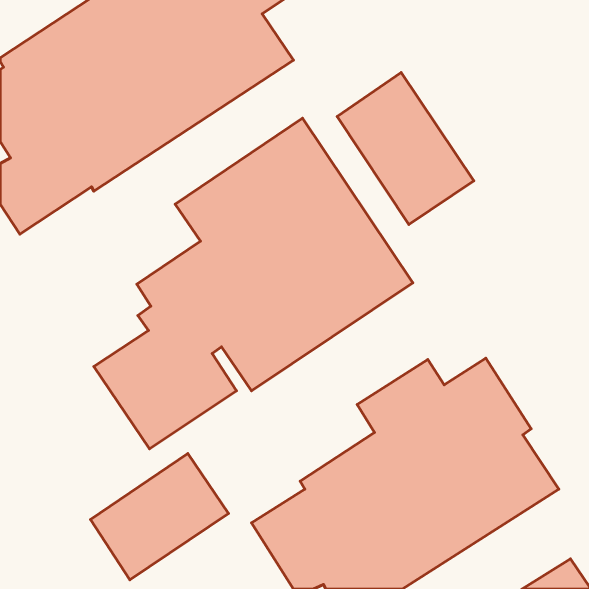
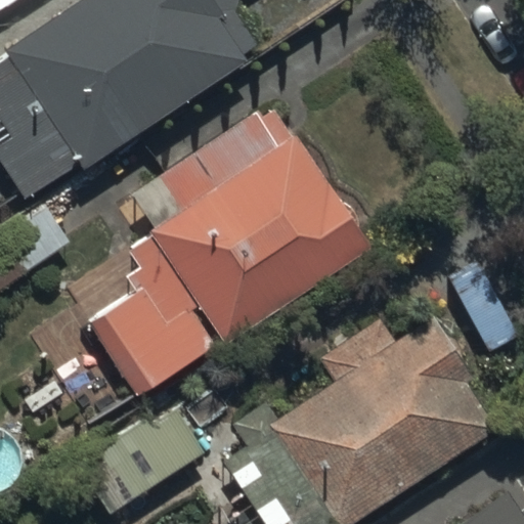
building: [337,72,474,224] -> none

